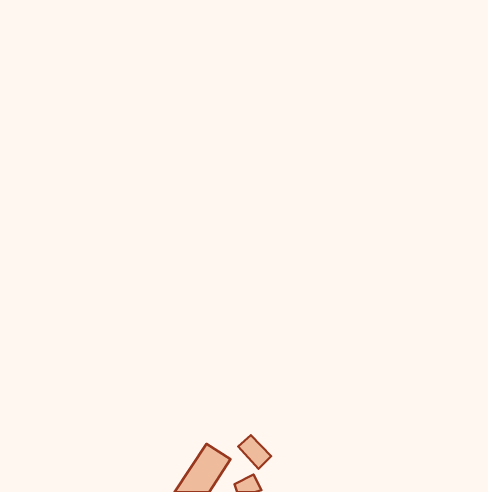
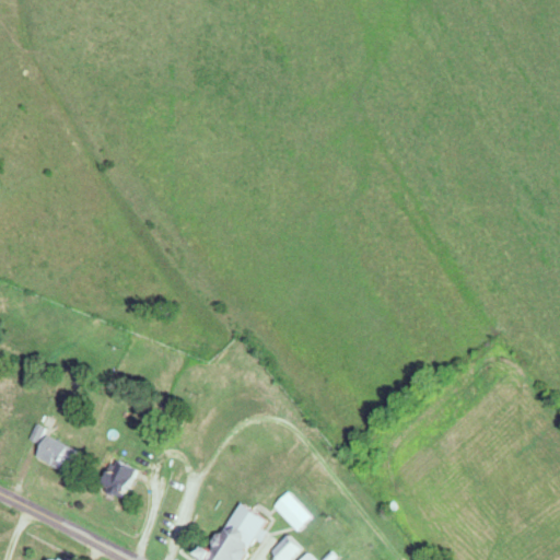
building: none -> [31,427,72,467]
building: none -> [98,459,137,499]

